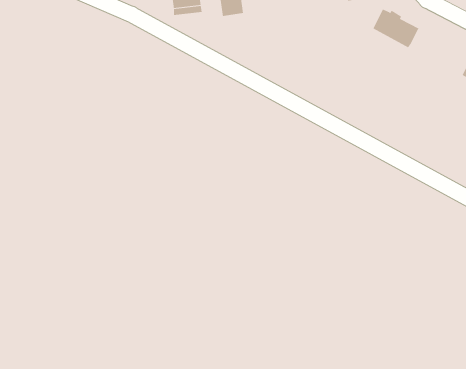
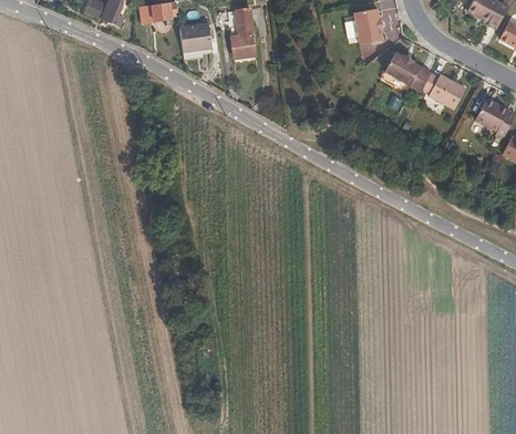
building: none -> [424,73,466,108]

